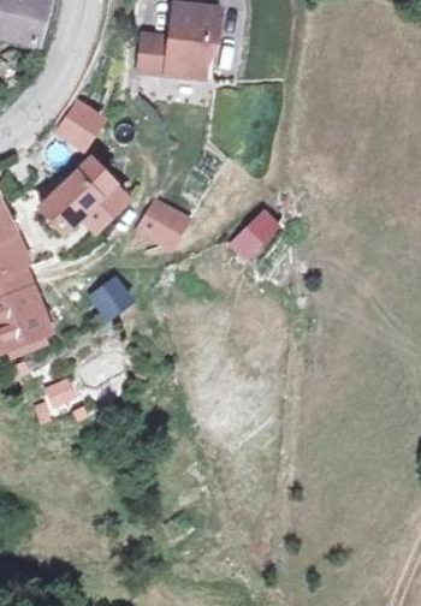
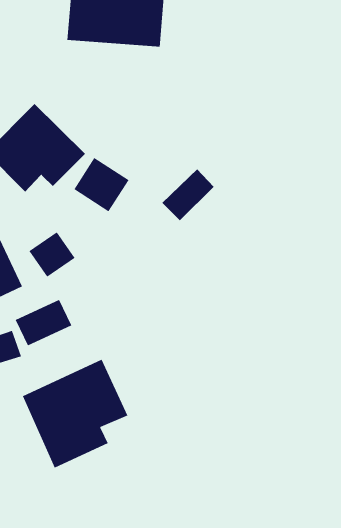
building: [58,95,109,147] -> none
building: none -> [22,359,128,468]

